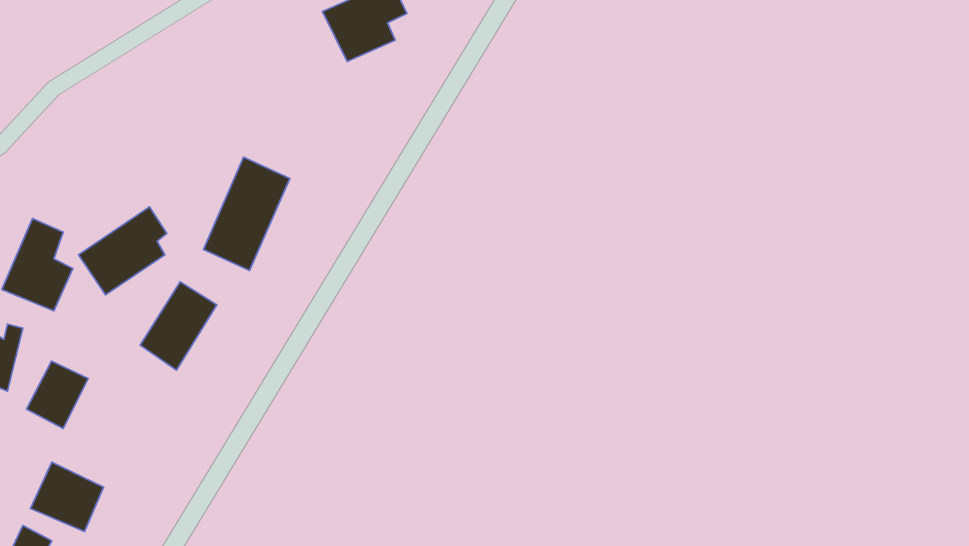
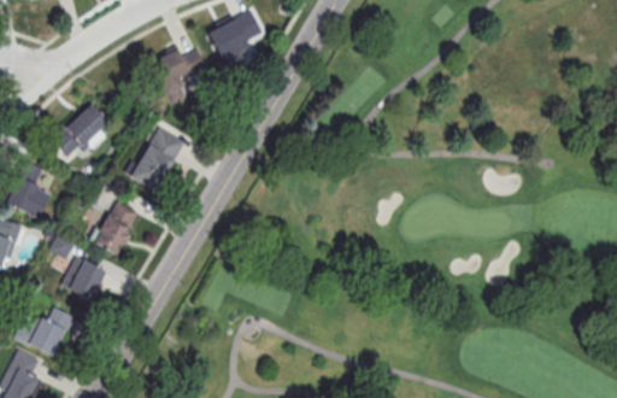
building: none -> [152,48,206,99]
building: [79,207,167,295] -> [51,105,106,160]
building: [27,361,88,428] -> [67,259,106,302]

